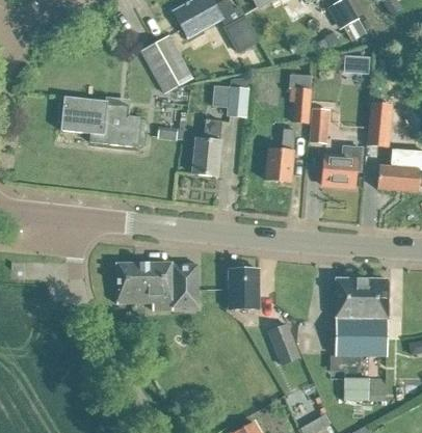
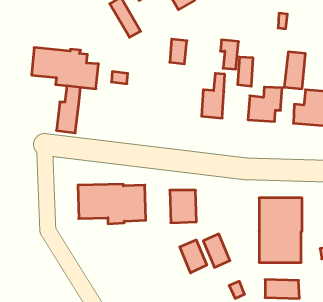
building: [141,44,179,92] -> none
building: [193,118,222,175] -> [56,86,80,133]
building: none -> [180,240,207,273]

